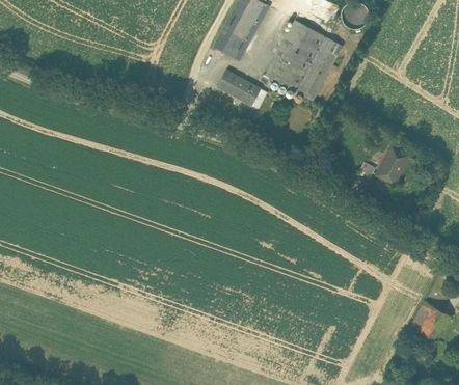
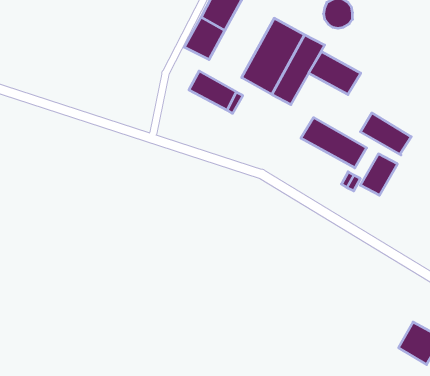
building: none -> [309,52,361,95]
building: none -> [360,113,411,155]
building: none -> [301,118,367,168]

